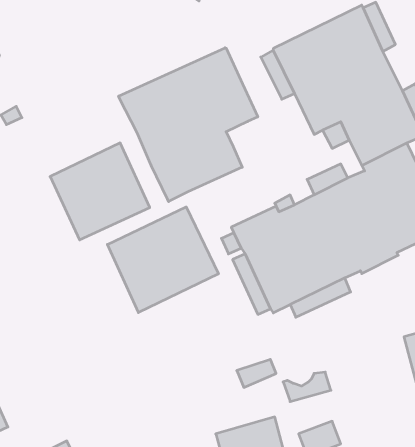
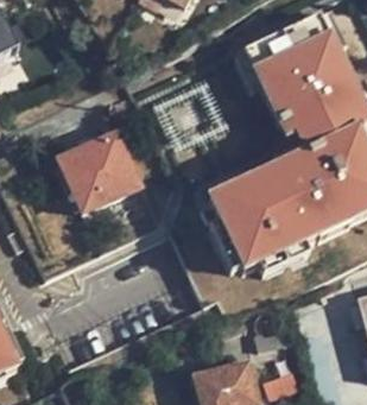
building: [119,48,258,202] -> none
building: [107,207,218,313] -> none

